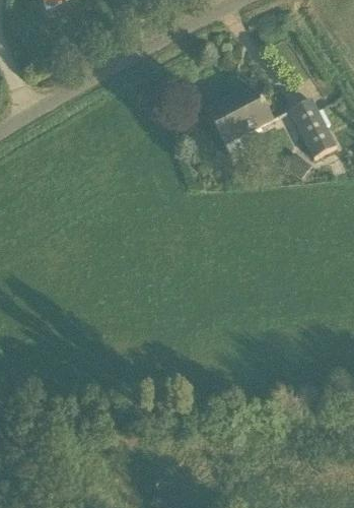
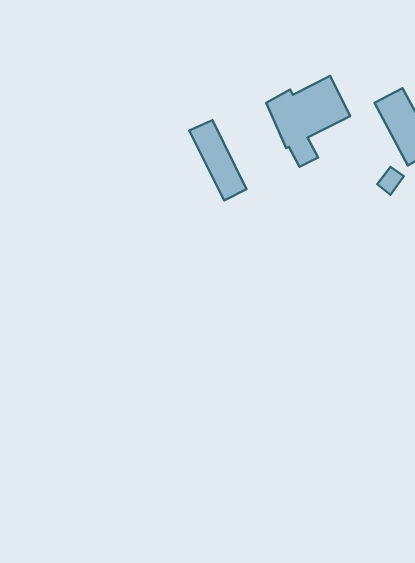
building: none -> [189,120,247,201]

